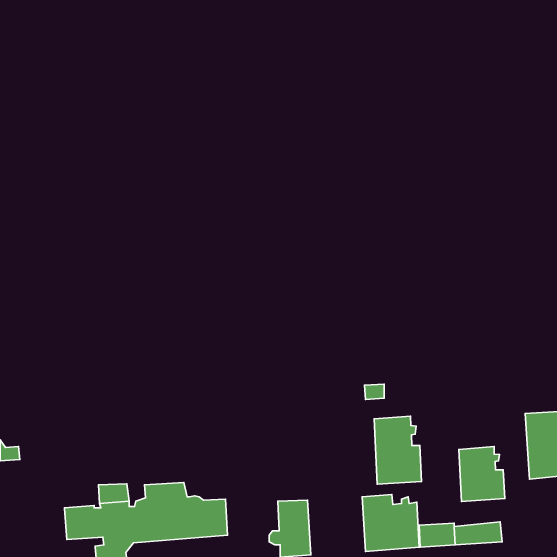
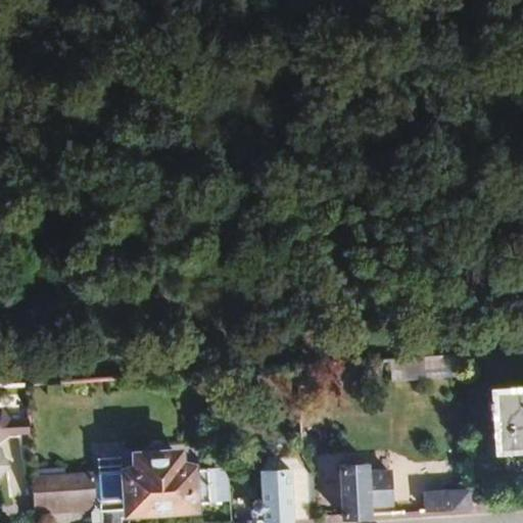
building: [374,416,422,484] -> none
building: [459,447,505,501] -> none
building: none -> [31,477,99,516]

